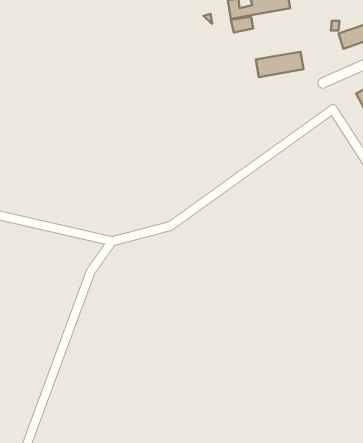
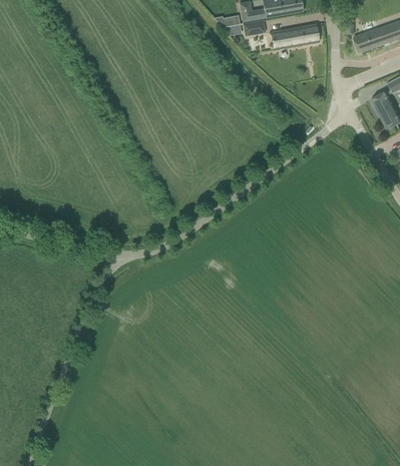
building: [256,52,304,77] -> [270,23,319,49]

